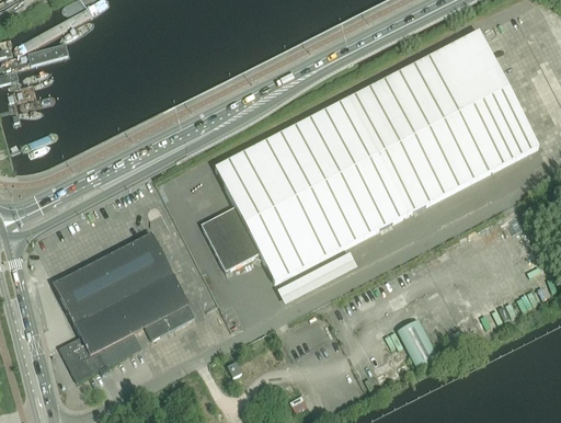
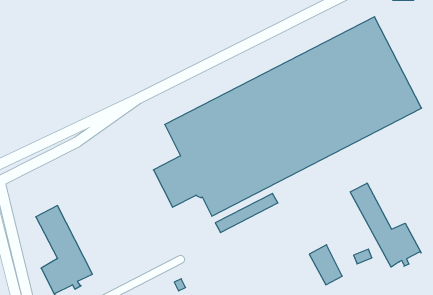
building: [81,232,195,355] -> none
building: none -> [350,183,421,267]

